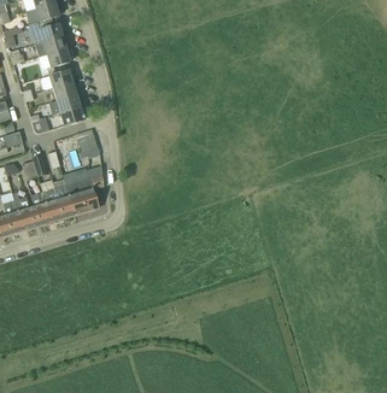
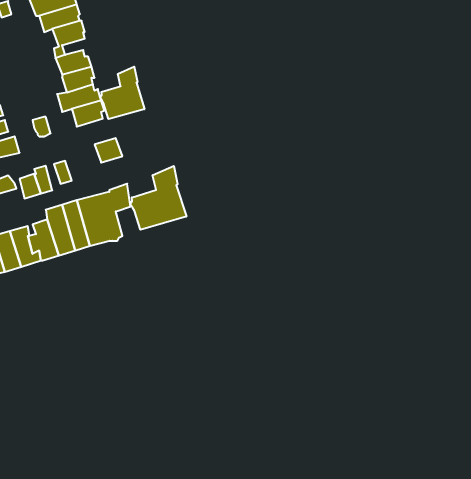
building: none -> [100,67,144,119]
building: none -> [130,166,186,230]

